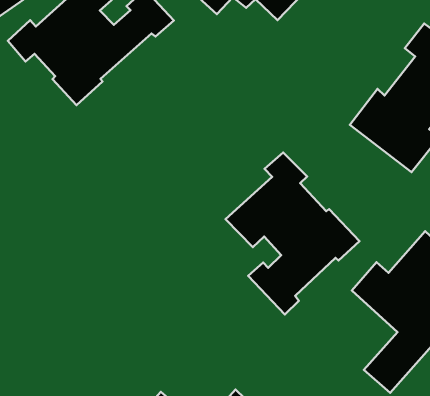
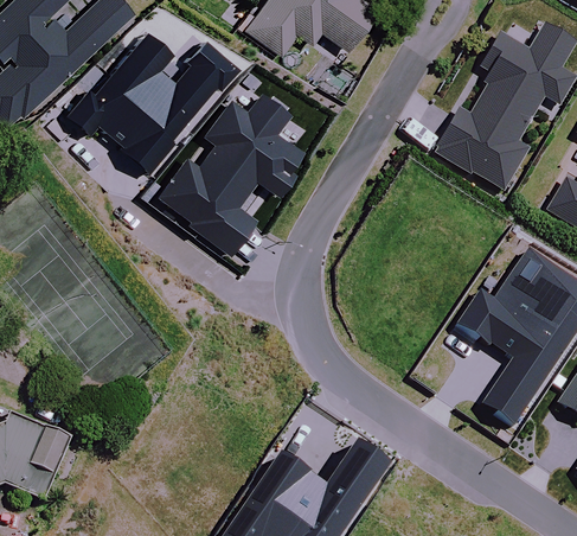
building: none -> [158,91,301,253]
building: [226,152,360,314] -> none

